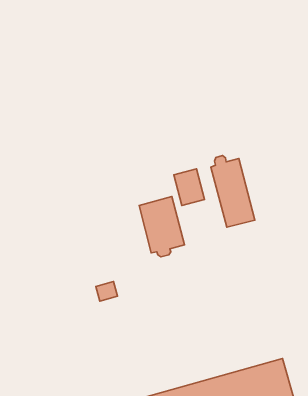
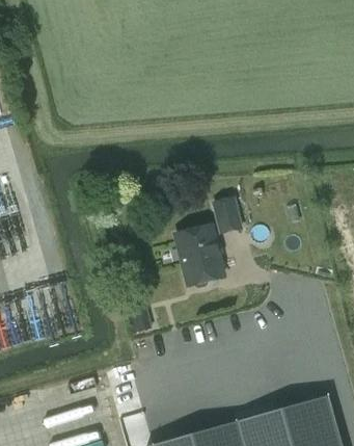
building: [211,156,255,227] -> none

